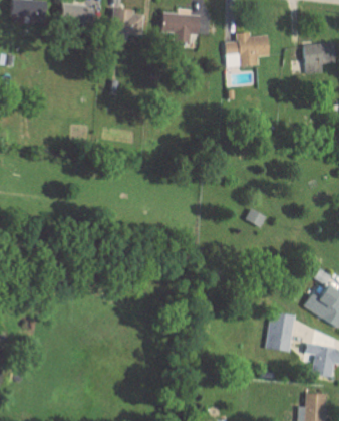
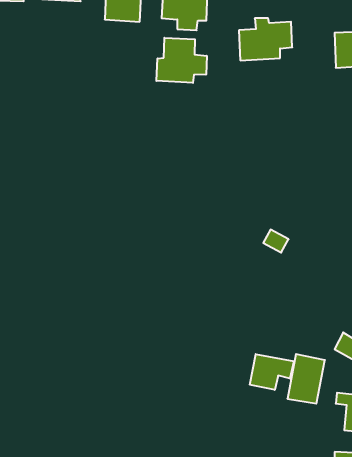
building: none -> [156,38,207,83]
building: none -> [250,354,294,390]

